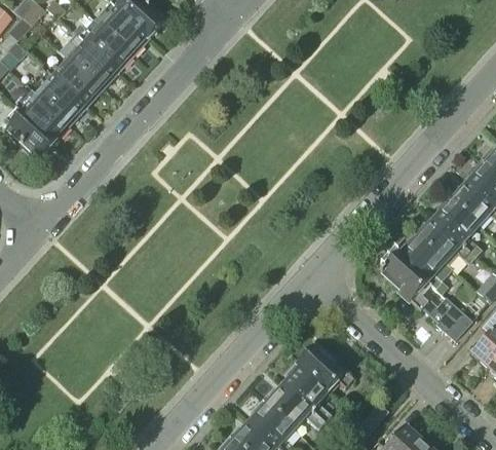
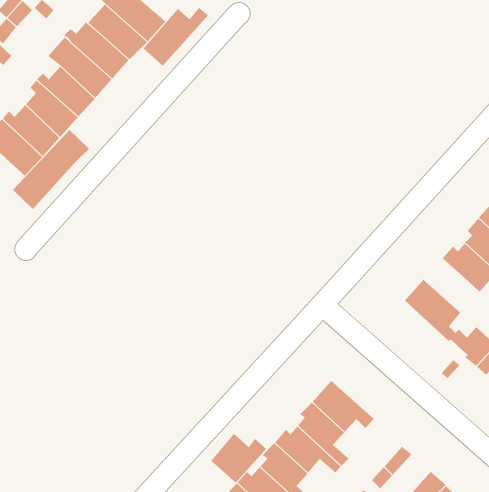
building: none -> [143,7,209,66]
building: none -> [12,129,90,210]
building: [402,234,452,293] -> none
building: none -> [210,433,267,484]

